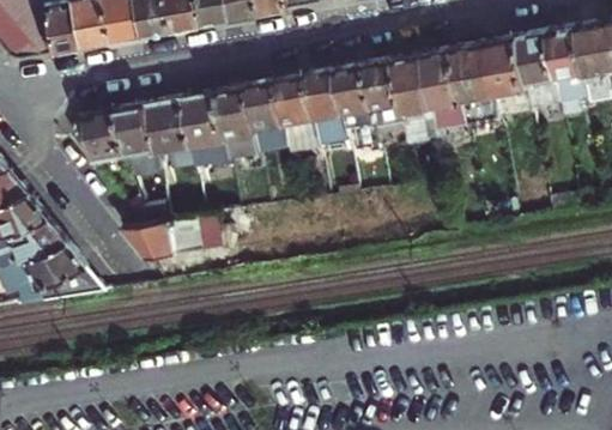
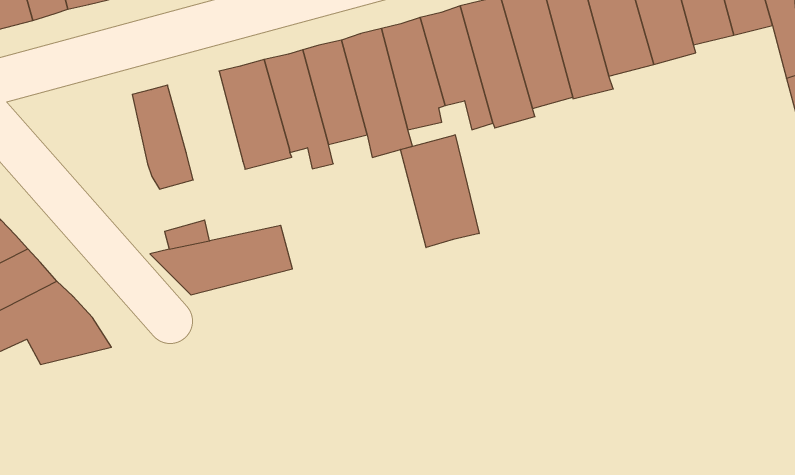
building: [145,96,195,168] -> none
building: [71,108,126,164] -> none
building: none -> [400,135,479,248]

